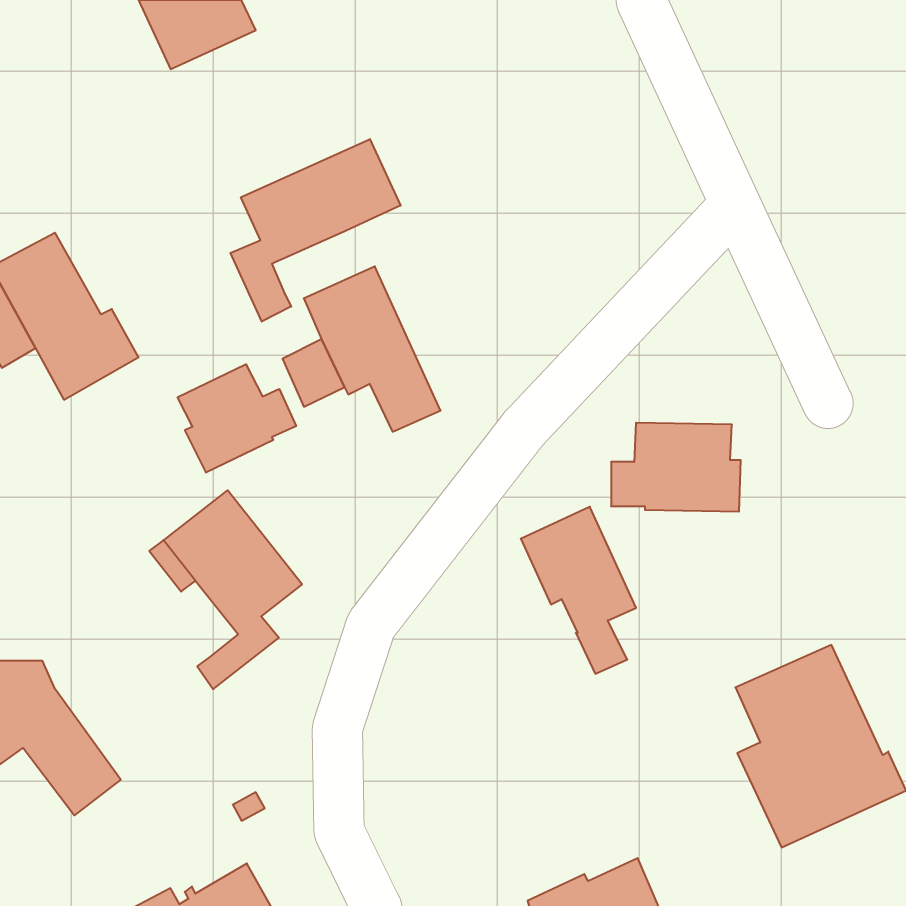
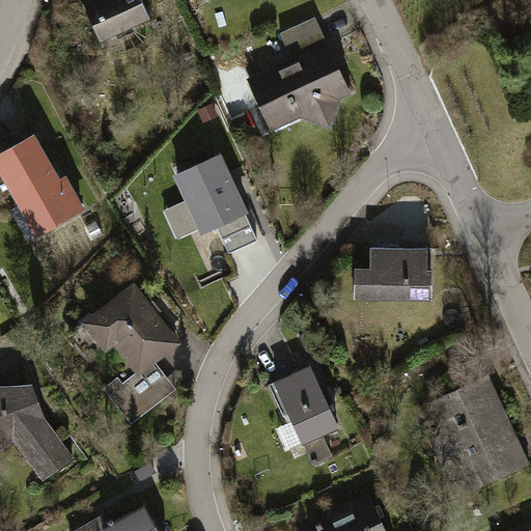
building: none -> [249,18,350,129]
building: [230,139,401,322] -> none
building: [178,364,296,473] -> none
building: [521,507,636,674] -> [270,367,337,465]
building: none -> [105,373,175,423]

